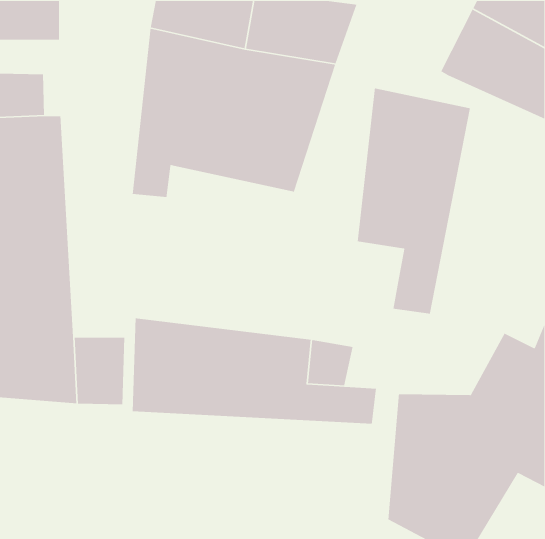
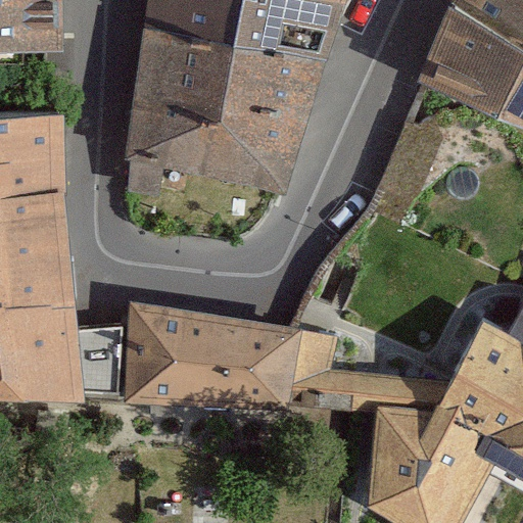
building: [357,87,471,315] -> none

